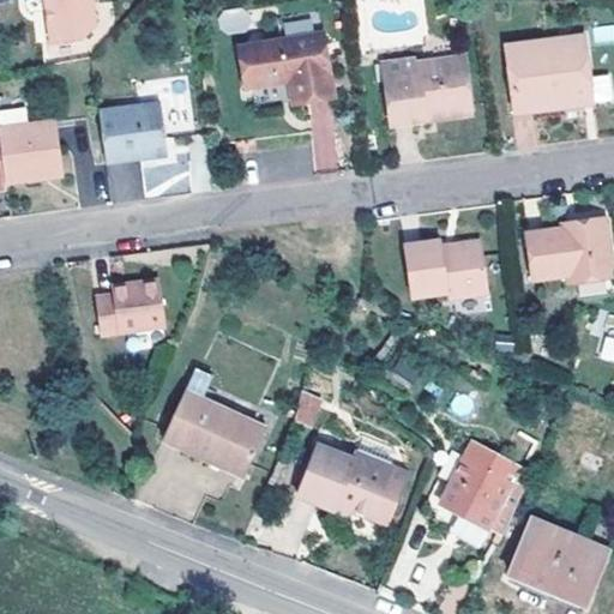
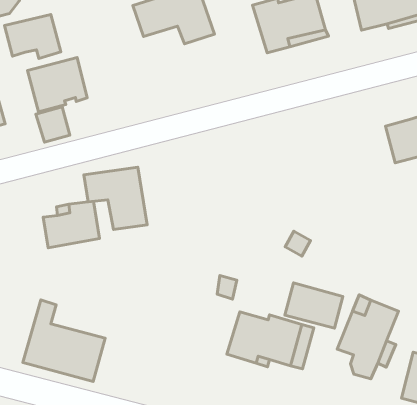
building: none -> [4,15,61,58]
building: [405,242,489,300] -> none
building: none -> [84,167,147,230]
building: [162,366,267,475] -> [23,300,105,382]
building: none -> [285,283,343,328]

